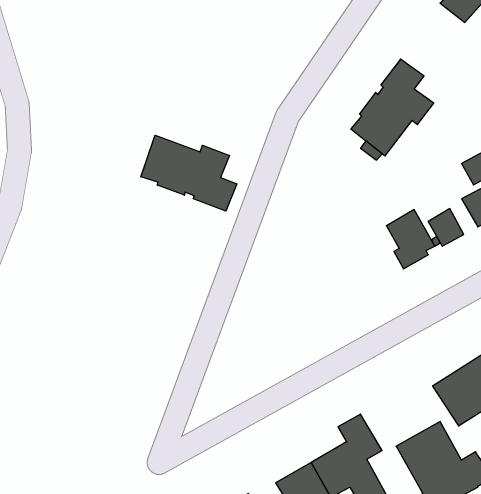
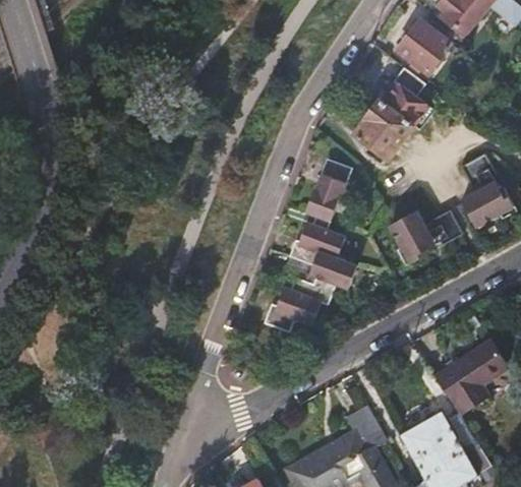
building: none -> [397,19,451,71]
building: [141,135,237,211] -> none
building: none -> [264,158,357,332]

